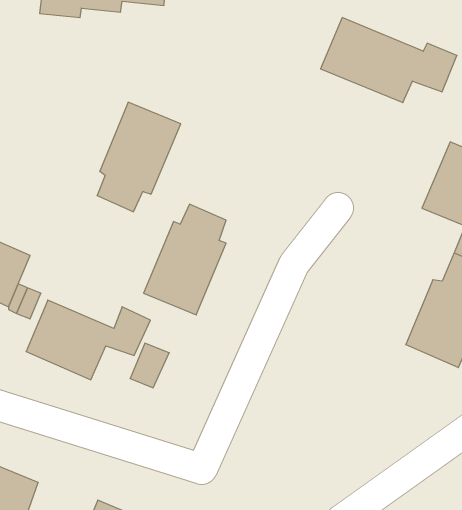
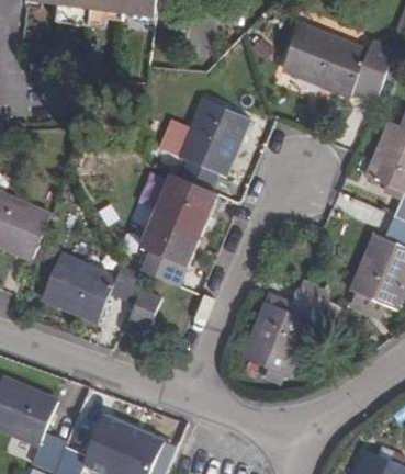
building: [97,102,181,212] -> [177,101,245,190]
building: none -> [240,289,331,370]

